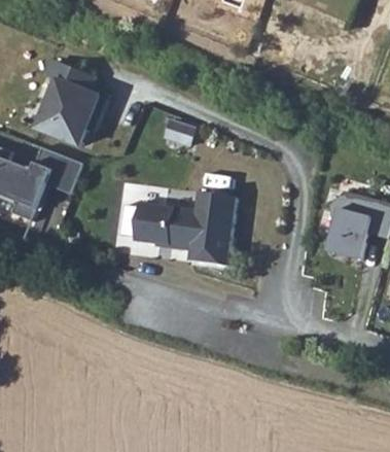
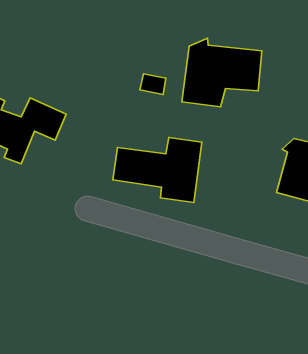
building: [32,60,99,146] -> none
building: none -> [182,38,262,107]

